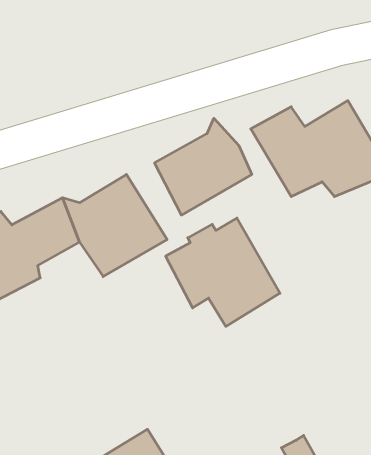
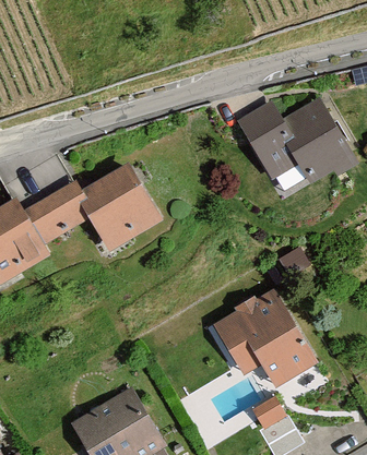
building: [155,118,252,215] -> none
building: [166,218,280,326] -> [217,294,319,390]

